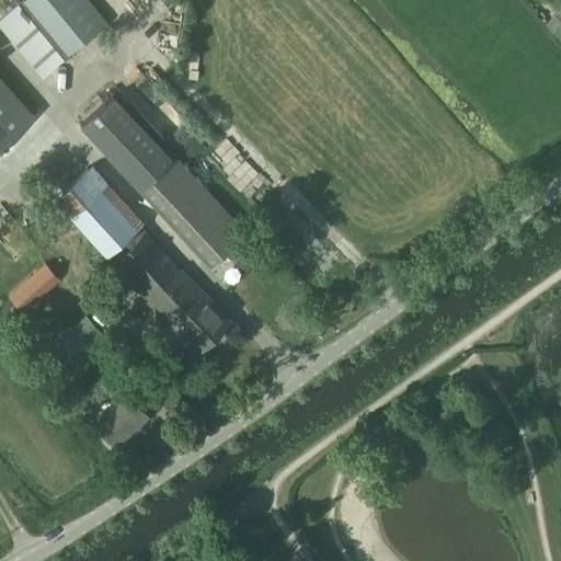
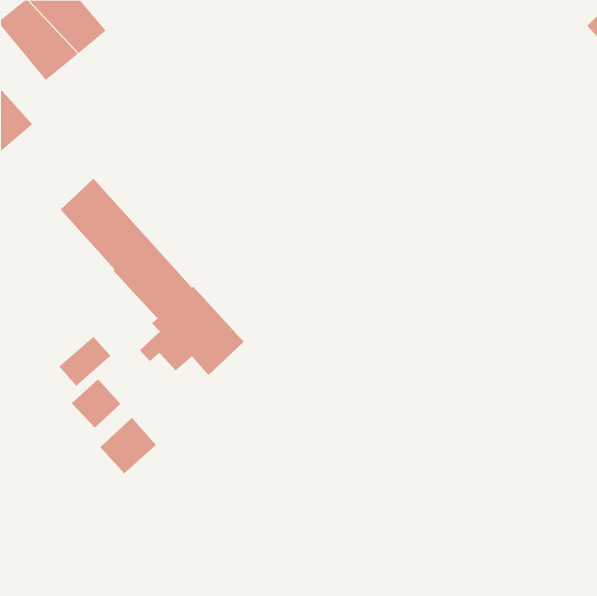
building: [82,99,248,268] -> none
building: [11,265,62,314] -> none
building: none -> [71,379,121,428]

